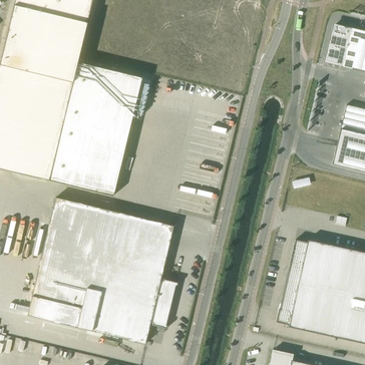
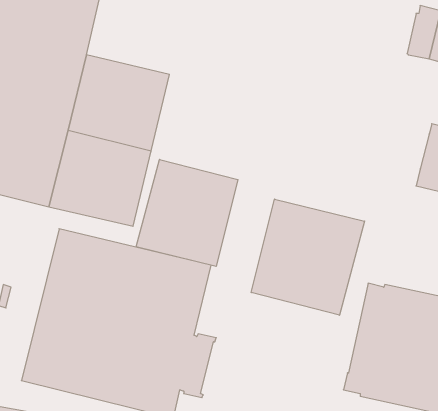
building: none -> [136,159,238,266]
building: none -> [251,199,365,315]

